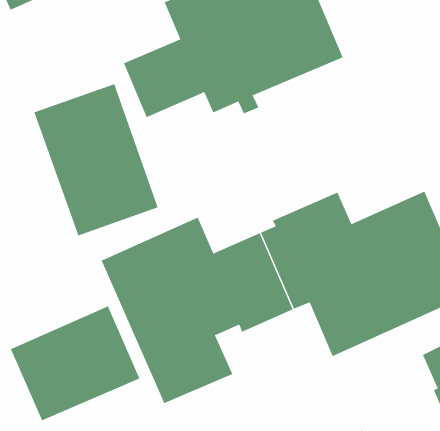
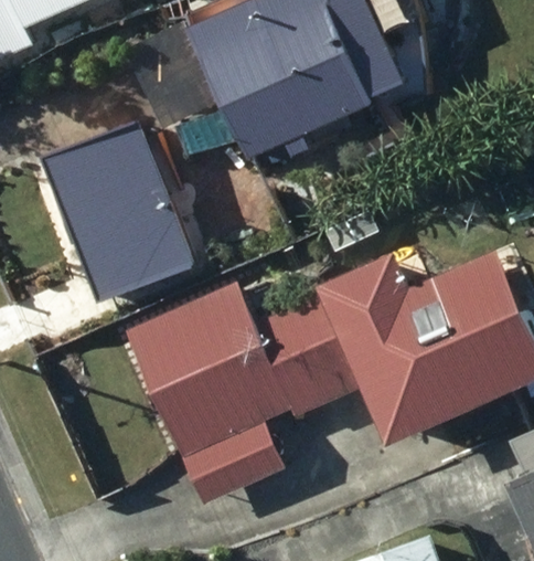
building: [10,306,140,421] -> none

